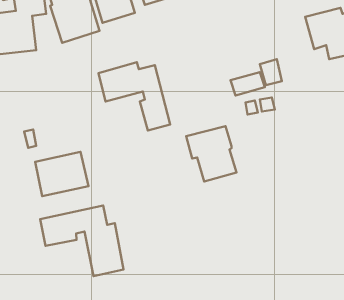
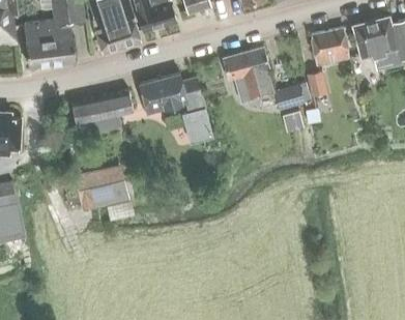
building: none -> [310,28,349,65]
building: none -> [70,90,133,137]
building: [186,126,237,182] -> [222,47,273,104]
building: [40,206,123,276] -> none

